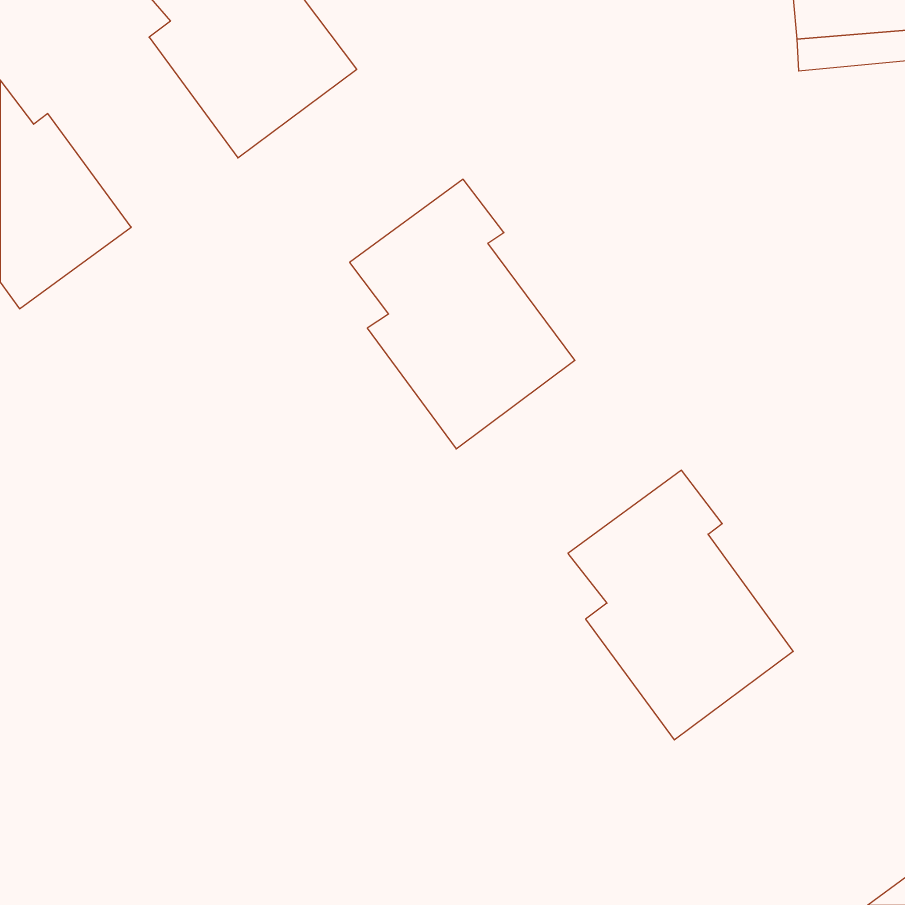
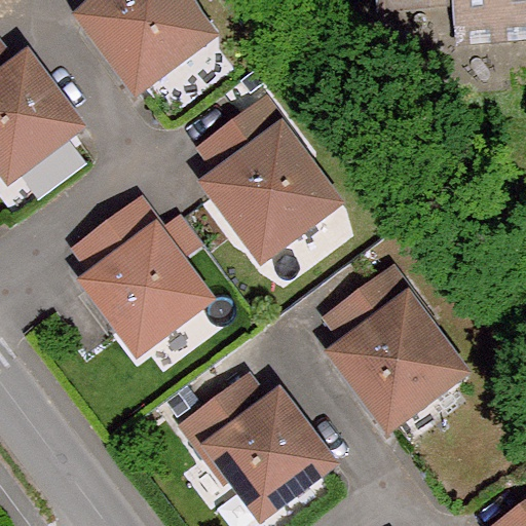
building: none -> [78,202,205,351]
building: none -> [186,380,329,517]

